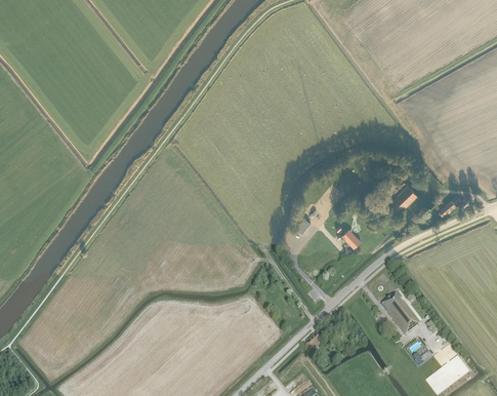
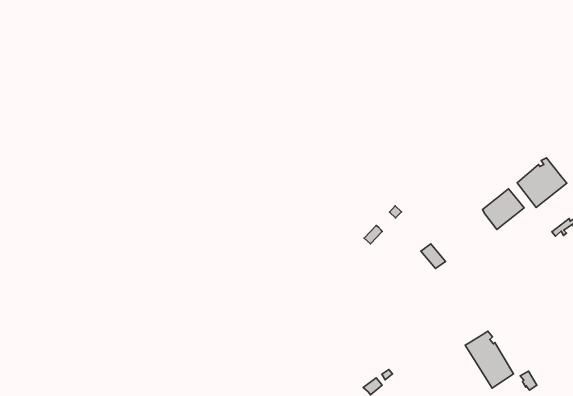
building: none -> [517,158,567,207]

